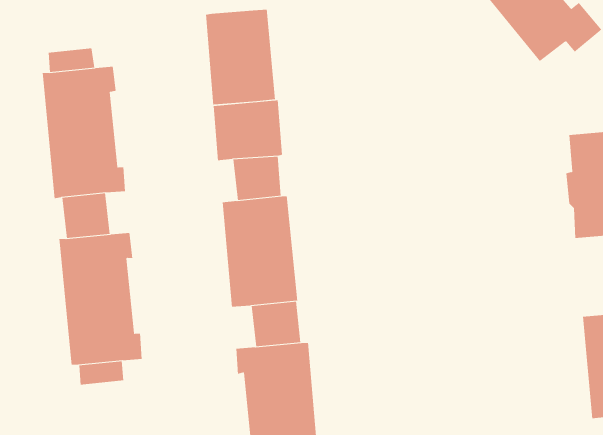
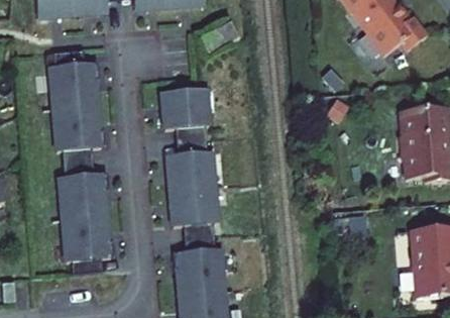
building: [206,9,276,105] -> none

